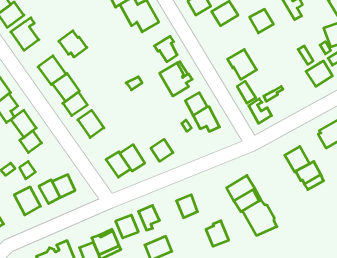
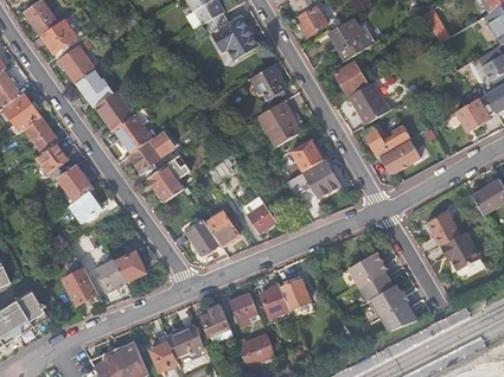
building: [250,9,273,33] -> [336,62,368,94]
building: [59,31,87,57] -> [76,69,114,104]
building: [206,221,229,246] -> [260,282,291,317]

